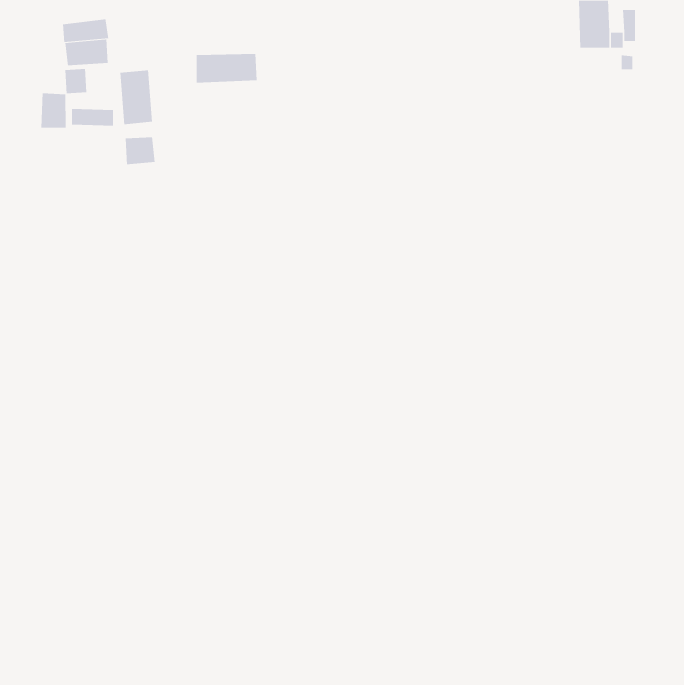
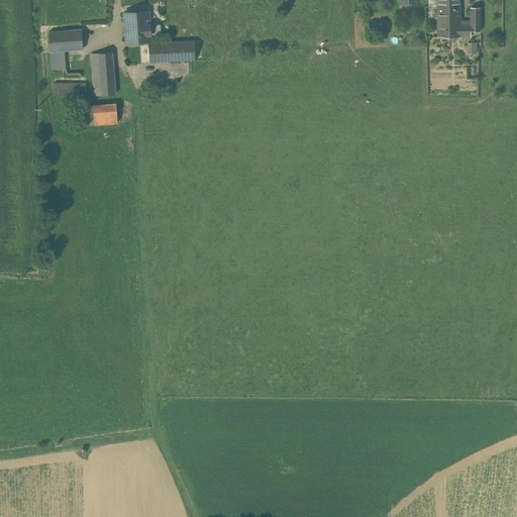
building: none -> [124,10,153,41]
building: [63,19,109,43] -> none
building: [41,93,66,128] -> none

